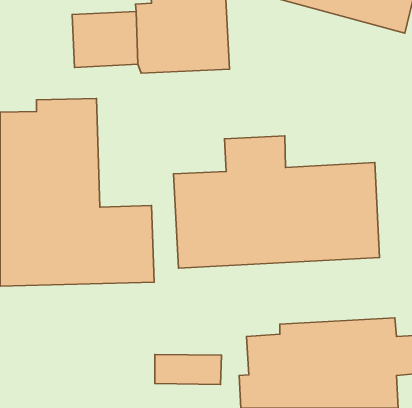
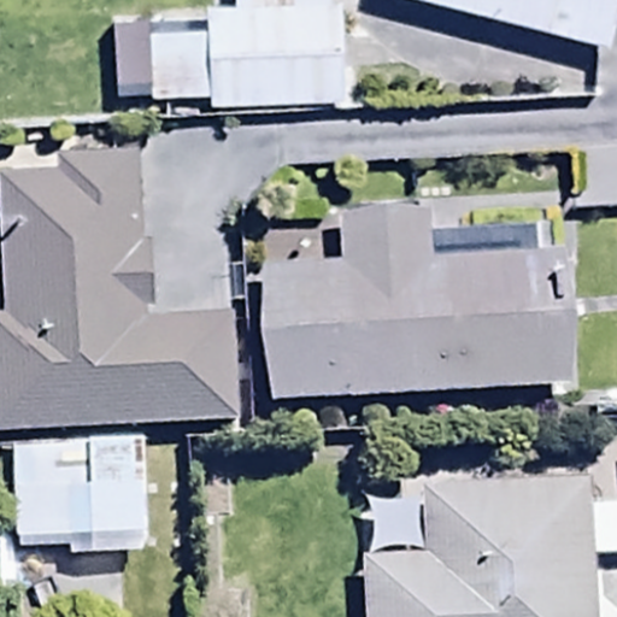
building: none -> [10,437,184,556]

